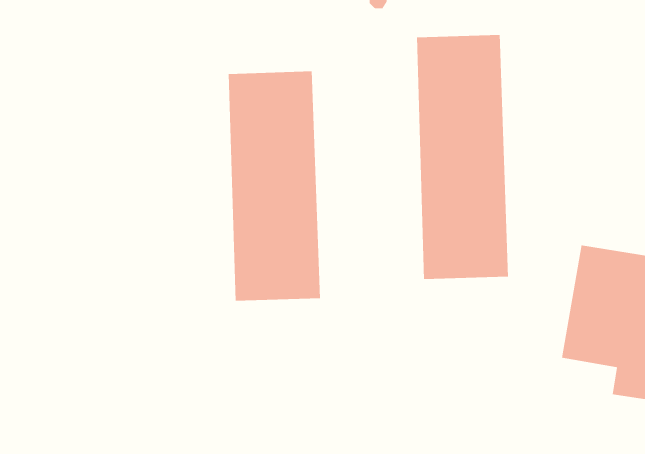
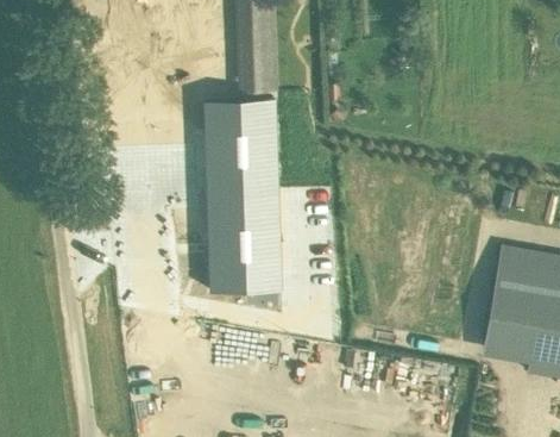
building: [417,34,509,280] -> none

